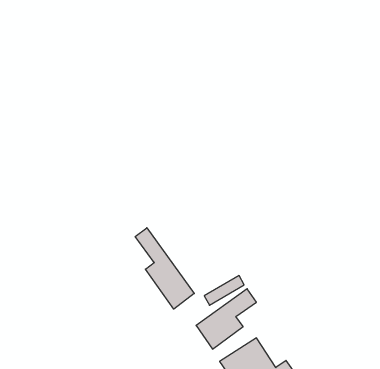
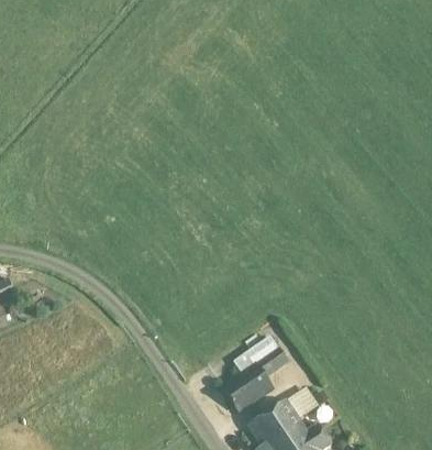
building: [135,228,194,309] -> none

